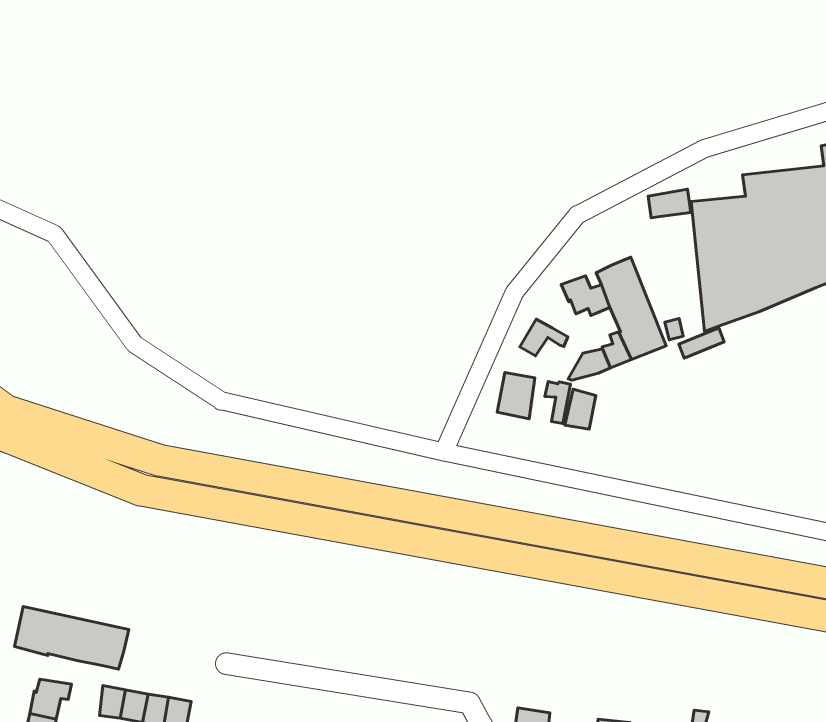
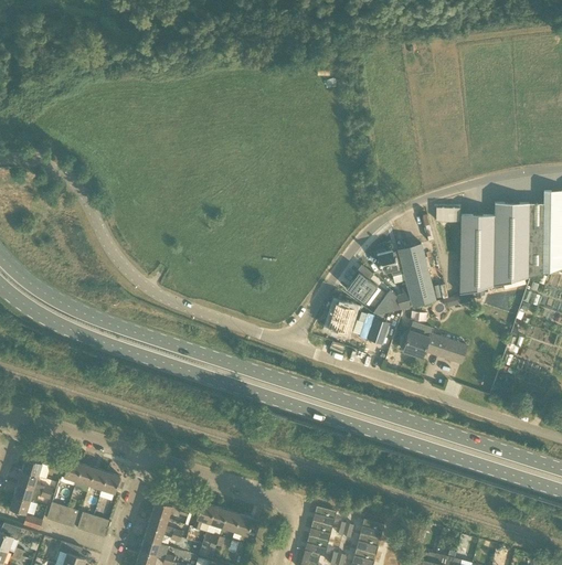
building: none -> [403,331,467,363]
building: [15,607,129,669] -> none

